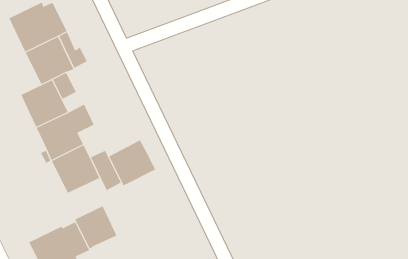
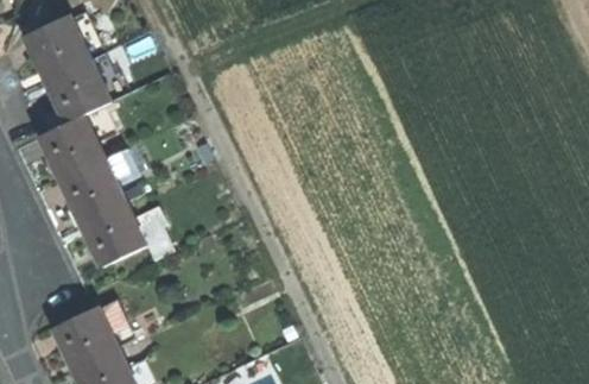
building: [108,139,156,186] -> none
building: [74,205,117,249] -> none

